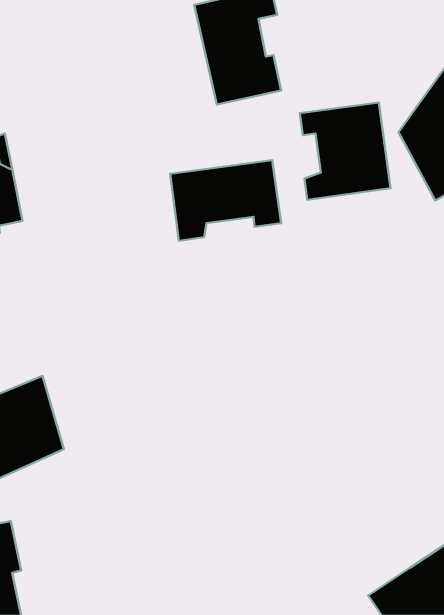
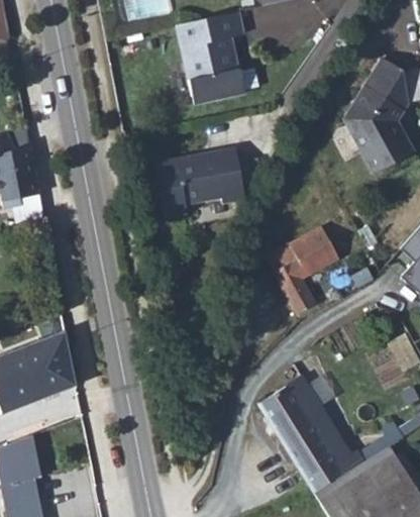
building: [300,103,391,200] -> none
building: none -> [269,225,344,314]
building: none -> [260,382,351,498]

